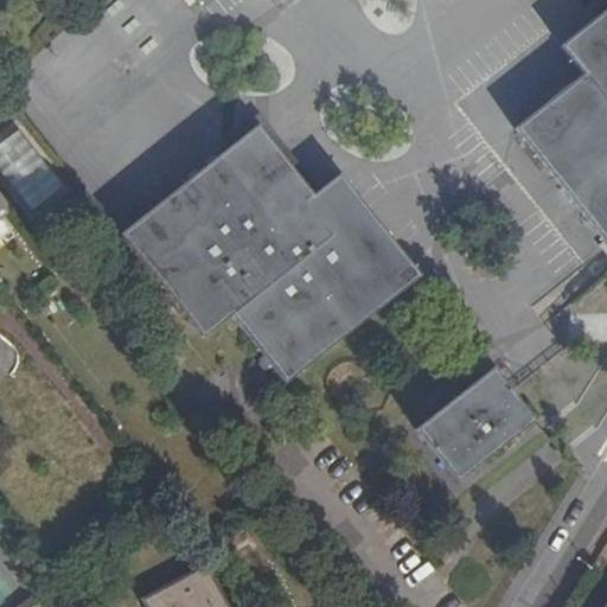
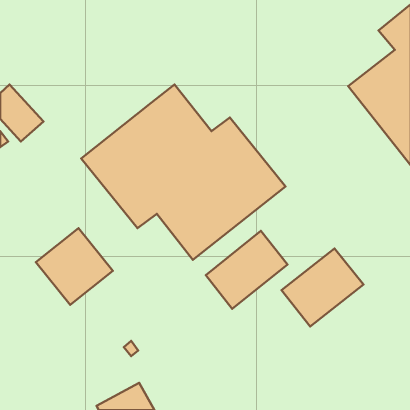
building: none -> [36,228,113,305]
building: none -> [206,231,287,309]

